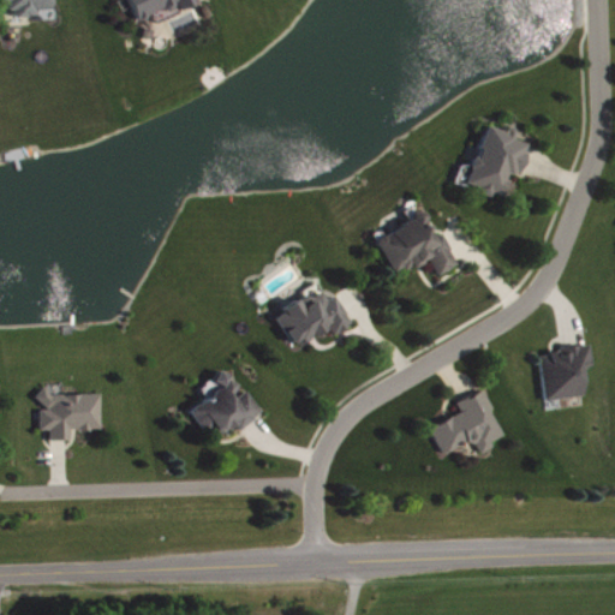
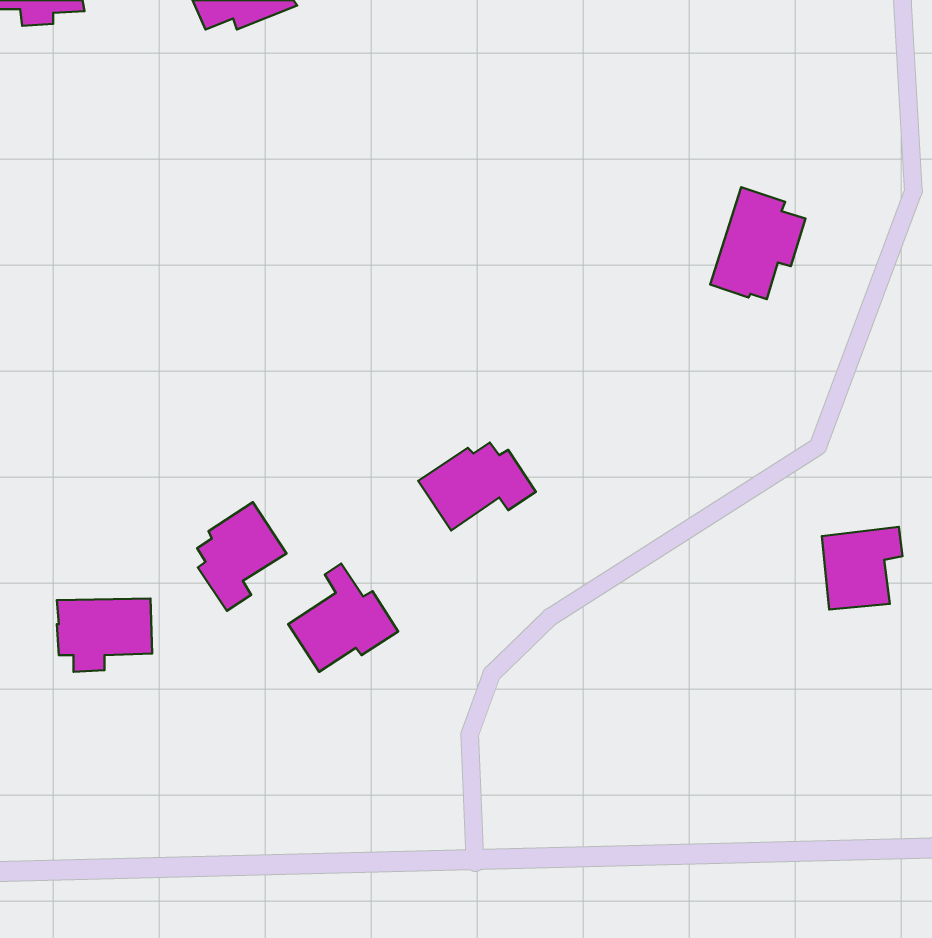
building: [376,214,455,274] -> none
building: none -> [197,502,286,611]
building: [429,389,502,454] -> none

